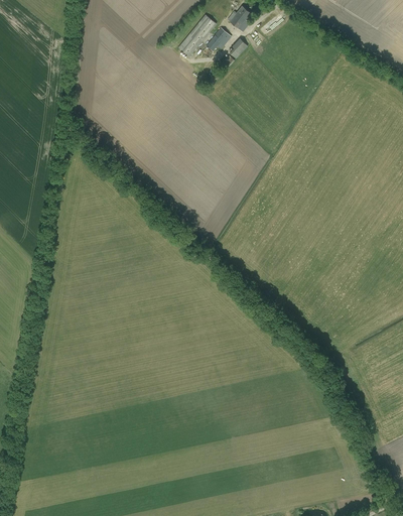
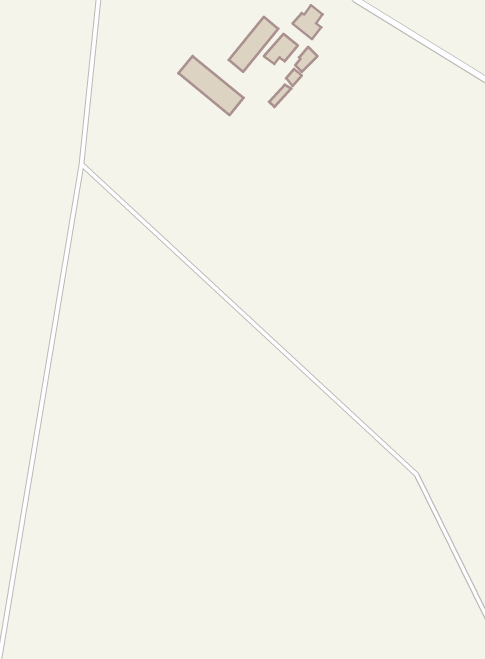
building: none -> [178,56,244,115]

